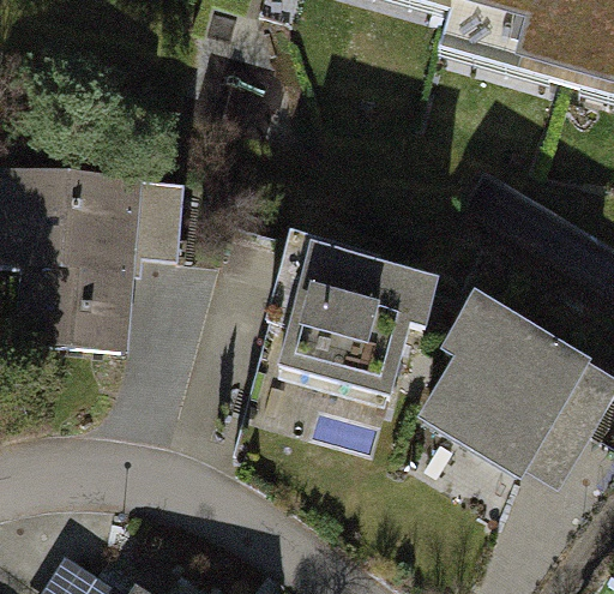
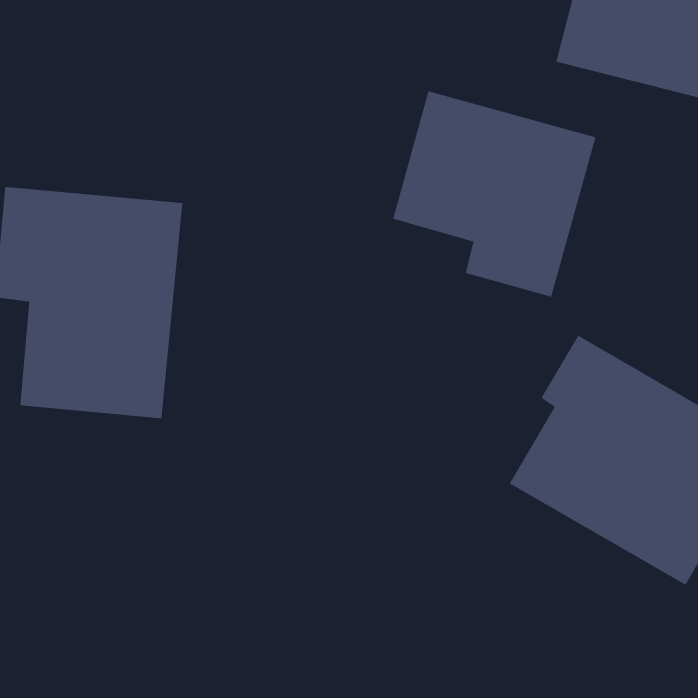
building: none -> [393,91,596,297]
building: [273,235,440,389] -> none

